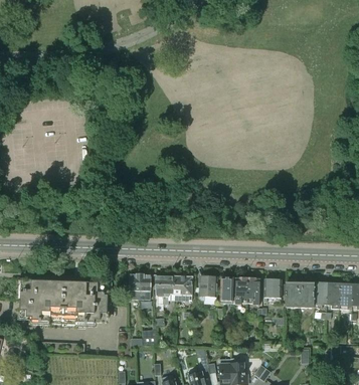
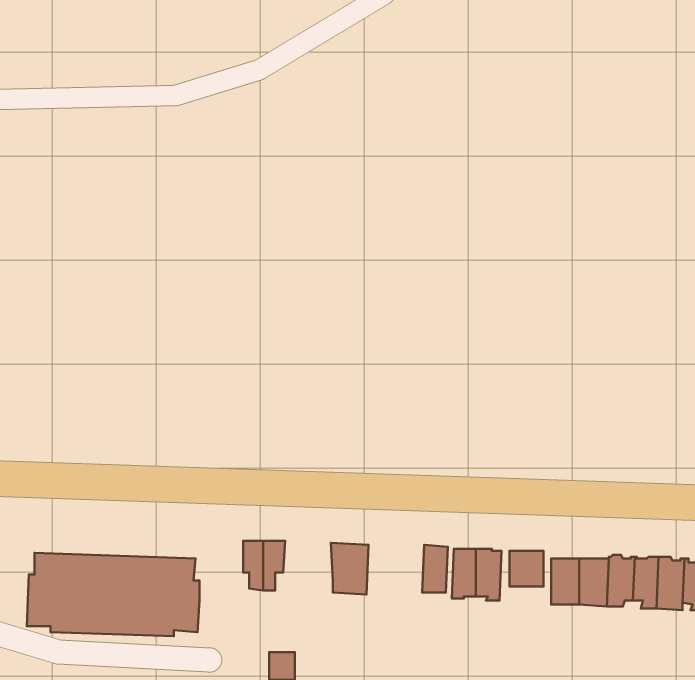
building: [154,274,175,304] -> none
building: [199,276,217,301] -> none

